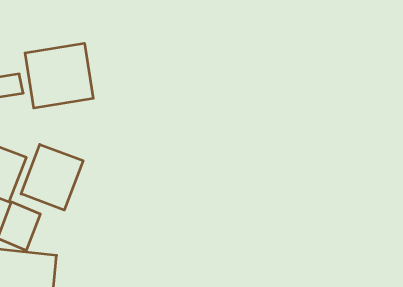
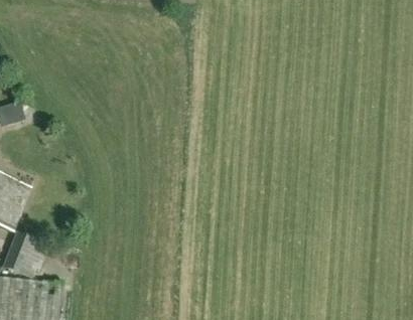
building: [25,43,93,108] -> none
building: [21,144,83,210] -> none

